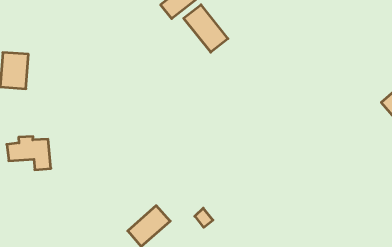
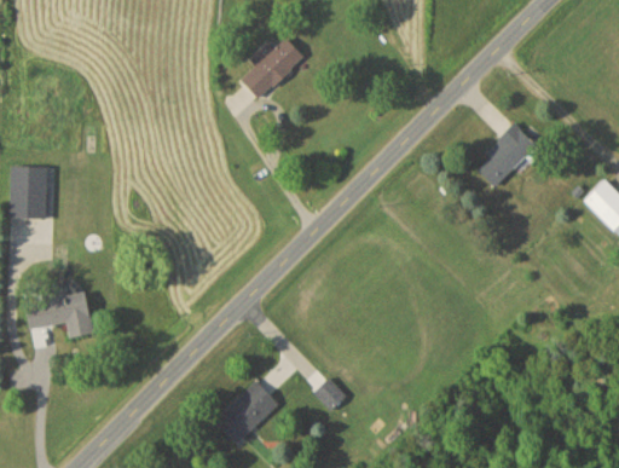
building: [184,5,228,52] -> none
building: none -> [474,125,537,187]

